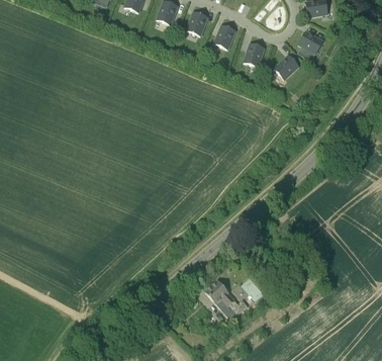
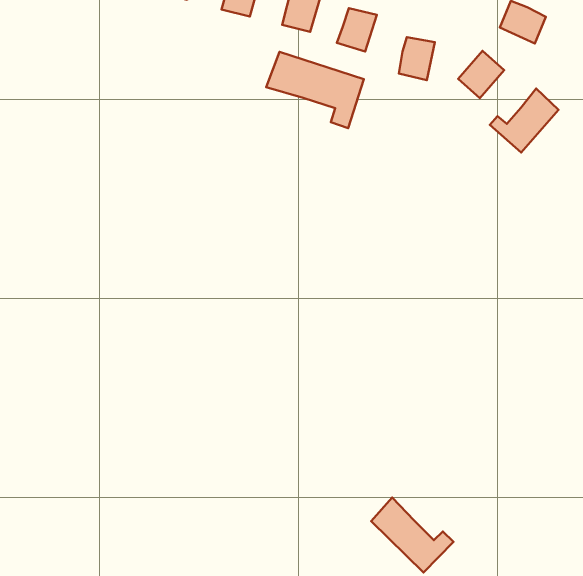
building: none -> [266,52,364,128]
building: none -> [490,88,559,152]

